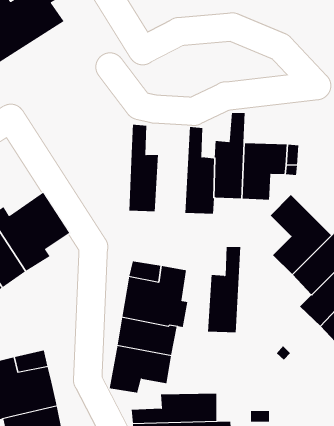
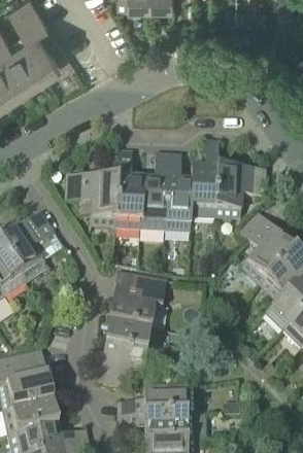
building: none -> [65,177,117,230]
building: [207,246,241,333] -> [139,155,169,232]

